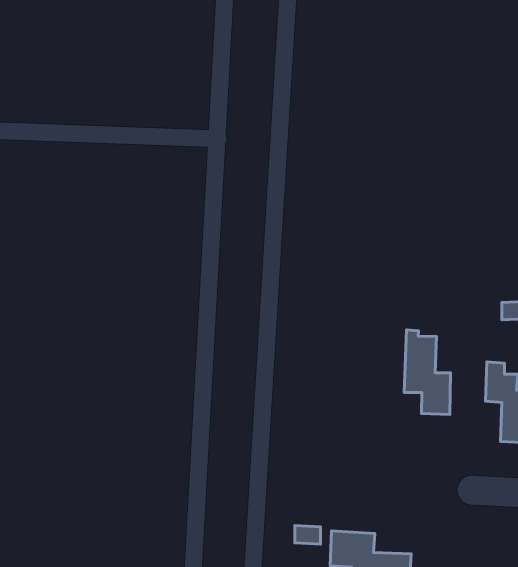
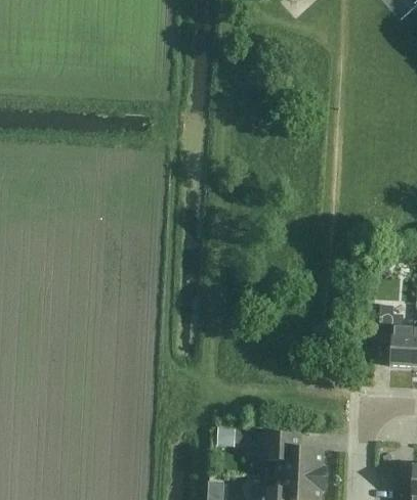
building: [404,330,451,415] -> none

